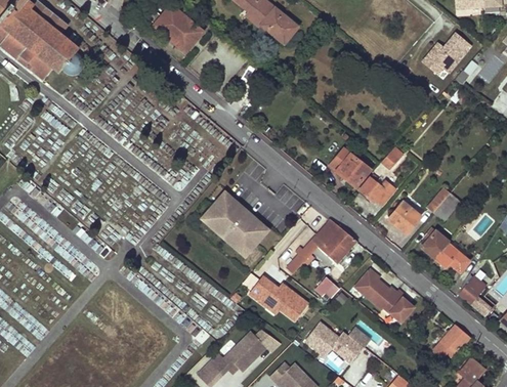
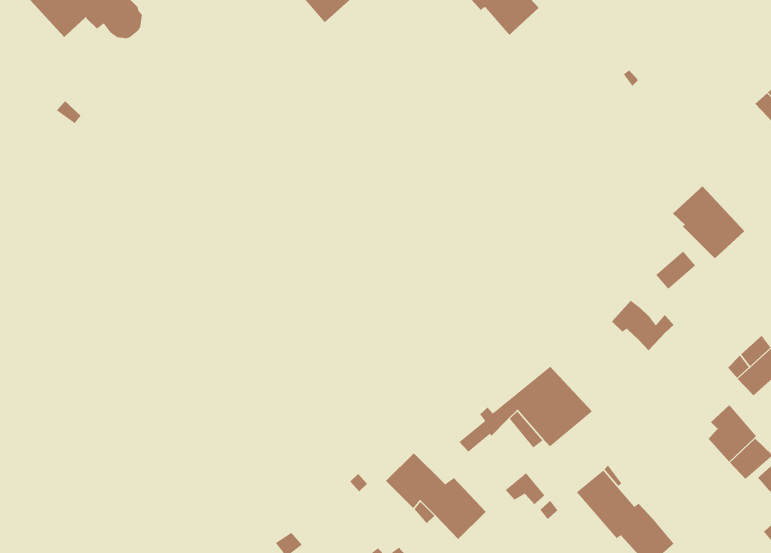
building: [330,148,371,187] -> [672,186,745,259]
building: [205,197,264,253] -> none
building: [388,202,421,232] -> none

